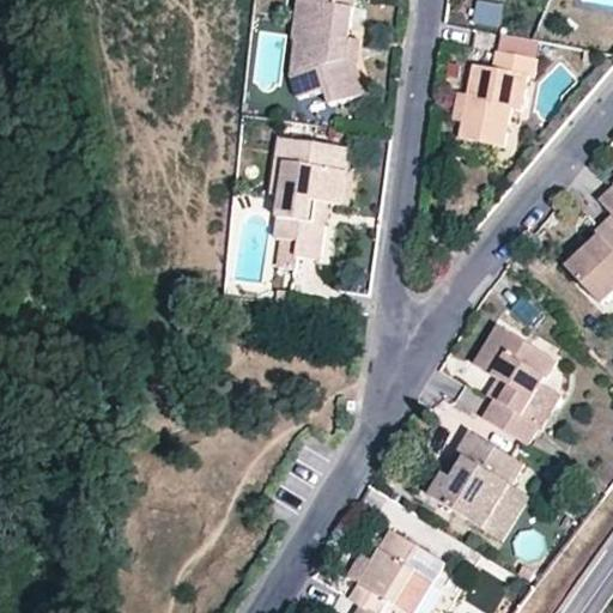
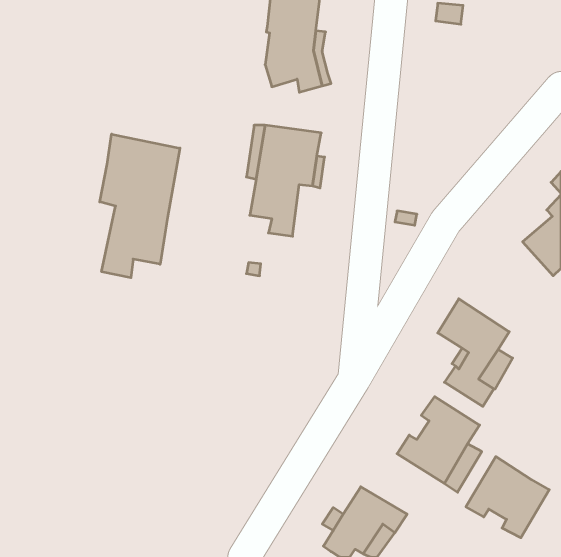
building: [457,54,532,146] -> none
building: none -> [100,134,180,278]
building: none -> [466,457,549,538]

